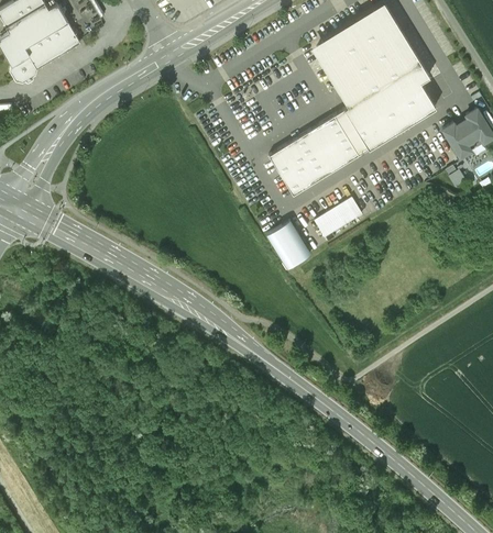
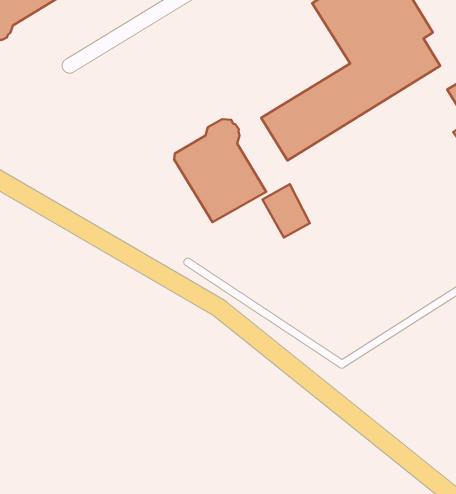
building: none -> [174,119,266,222]
building: [314,197,361,236] -> none

